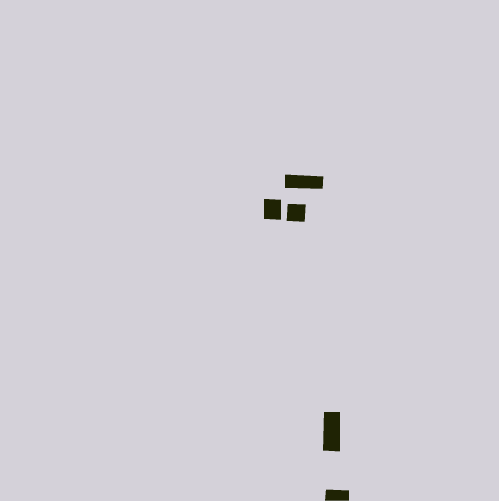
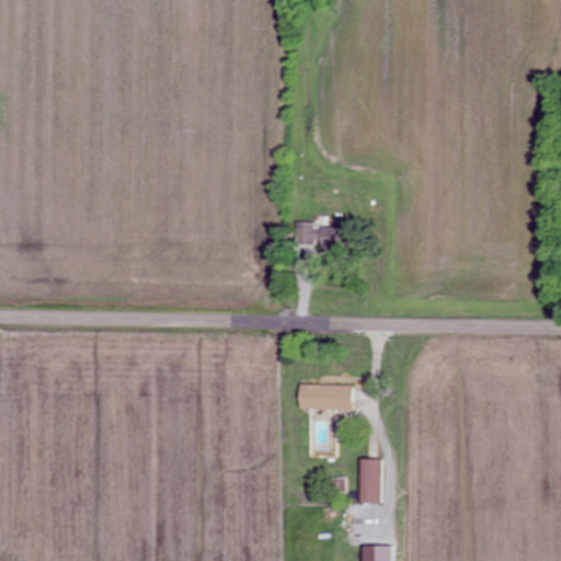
building: [284,174,324,190] -> none
building: none -> [298,385,351,410]

